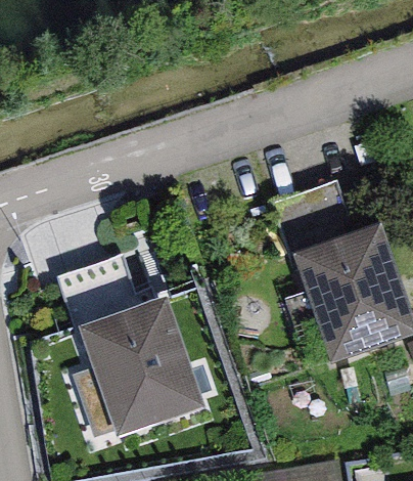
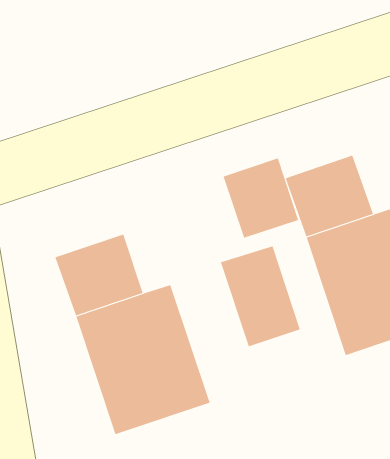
building: none -> [223,157,299,239]
building: none -> [220,246,301,347]

